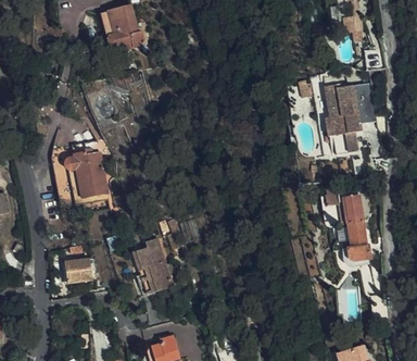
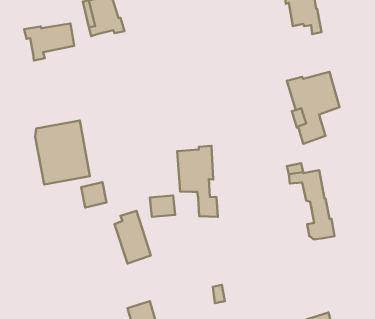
building: none -> [24,24,74,61]
building: none -> [177,146,218,217]
building: [64,254,91,282] -> [81,182,106,208]

